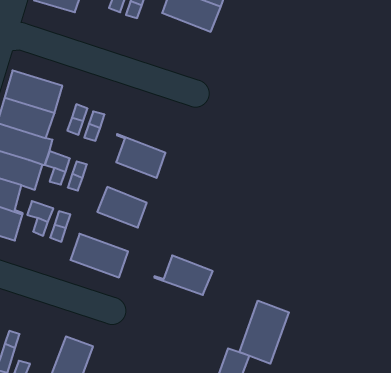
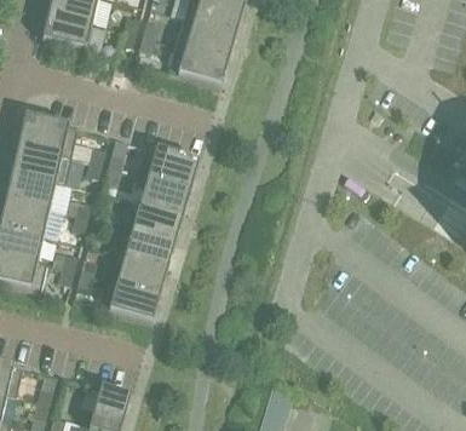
building: none -> [167,44,228,86]
building: none -> [138,145,199,189]
building: none -> [132,202,183,242]
building: [154,255,213,295] -> [107,255,167,294]
building: [239,301,289,364] -> none

